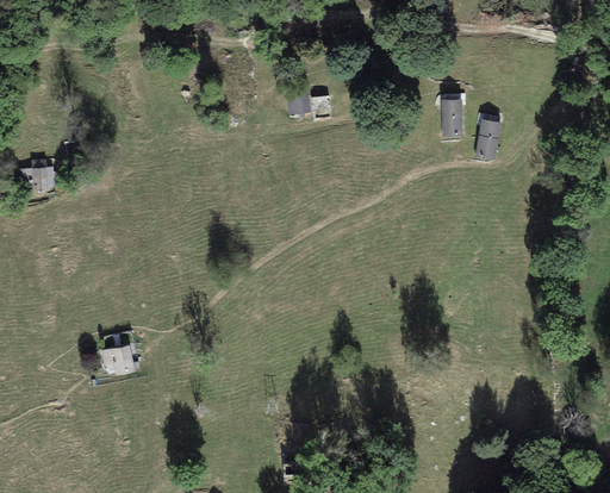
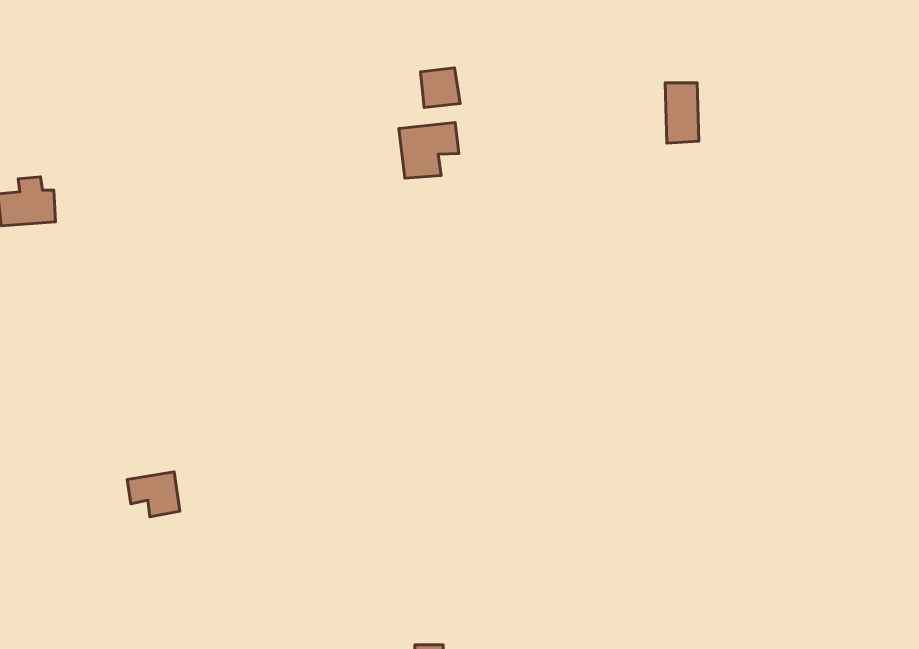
building: [474,118,500,161] -> none
building: none -> [399,122,459,178]

